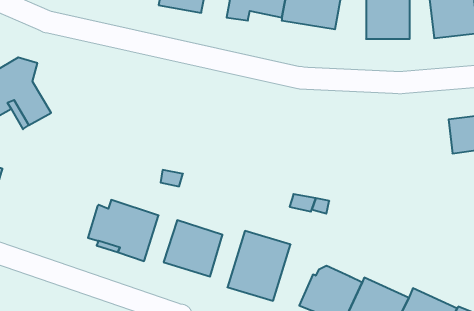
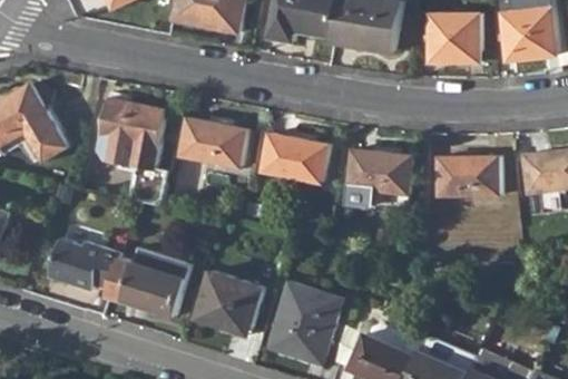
building: none -> [96,99,165,206]
building: none -> [177,119,245,168]
building: none -> [259,135,326,183]
building: none -> [346,150,411,194]
building: none -> [437,157,498,196]
building: none -> [47,240,119,291]

